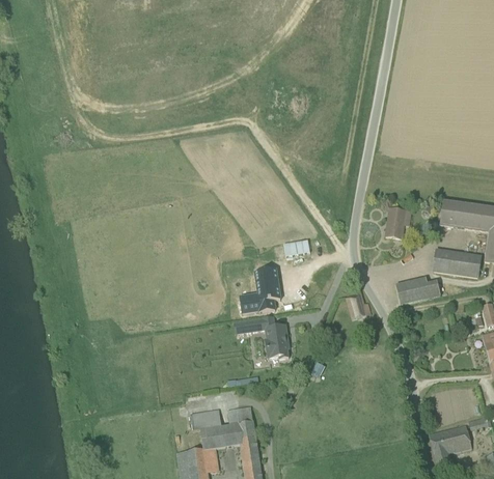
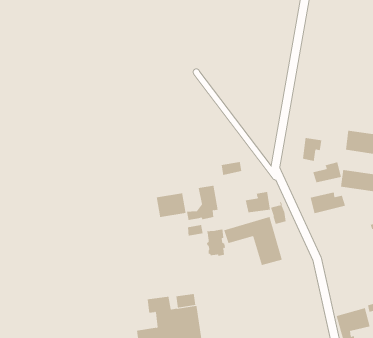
building: none -> [313,162,341,183]
building: none -> [245,191,271,213]
building: none -> [156,192,186,218]
building: none -> [224,216,283,266]

